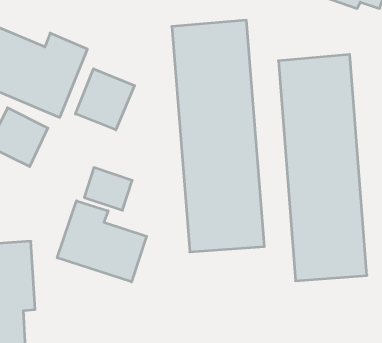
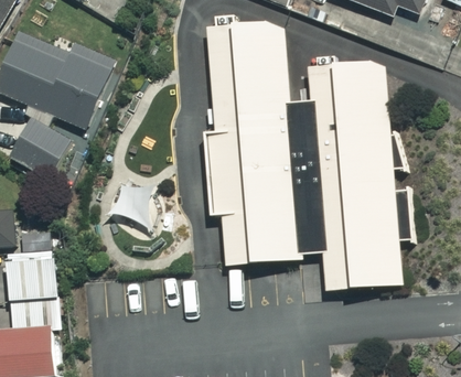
building: [75,69,135,130] -> none
building: [57,201,147,282] -> none

